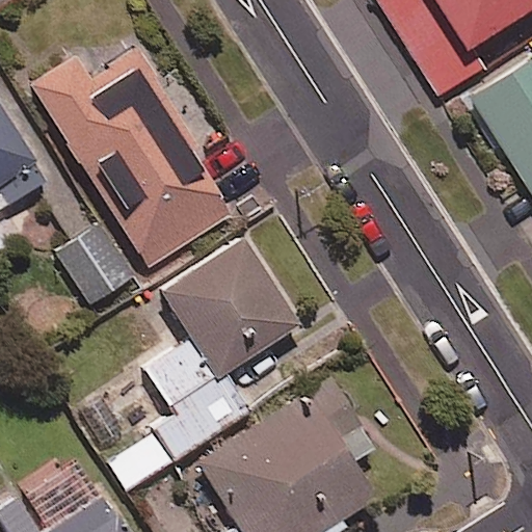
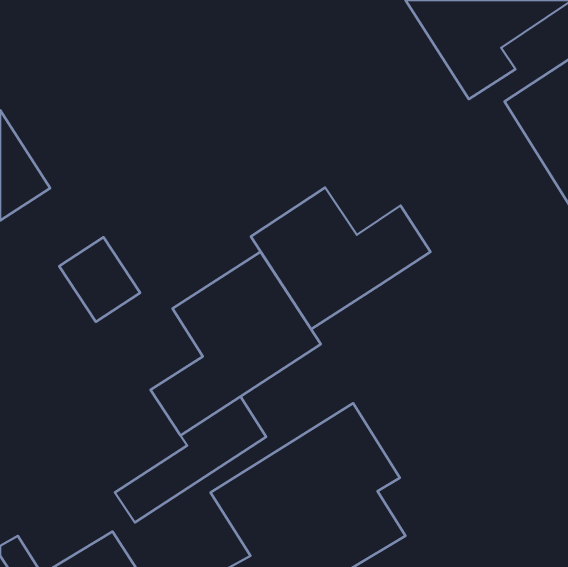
building: [30,51,232,268] -> none
building: none -> [251,188,430,329]

